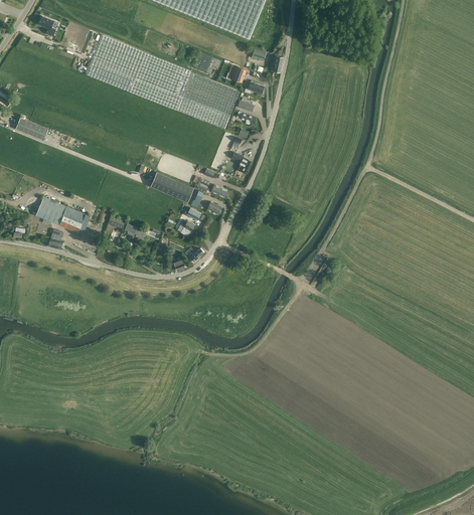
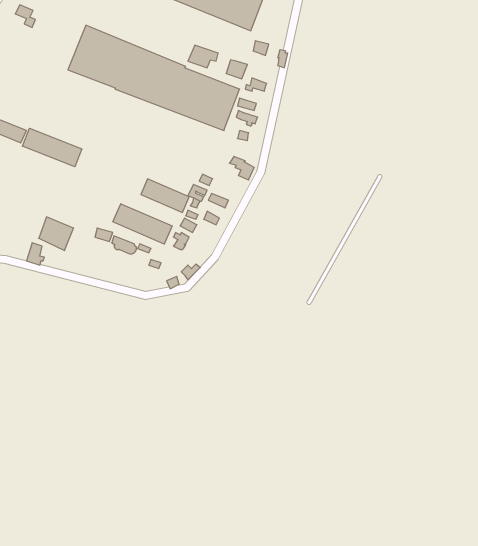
building: none -> [22,128,82,167]
building: none -> [113,204,172,244]
building: [34,195,65,224] -> none

